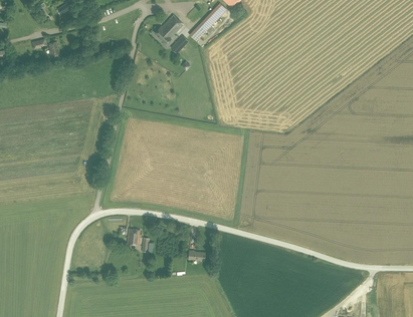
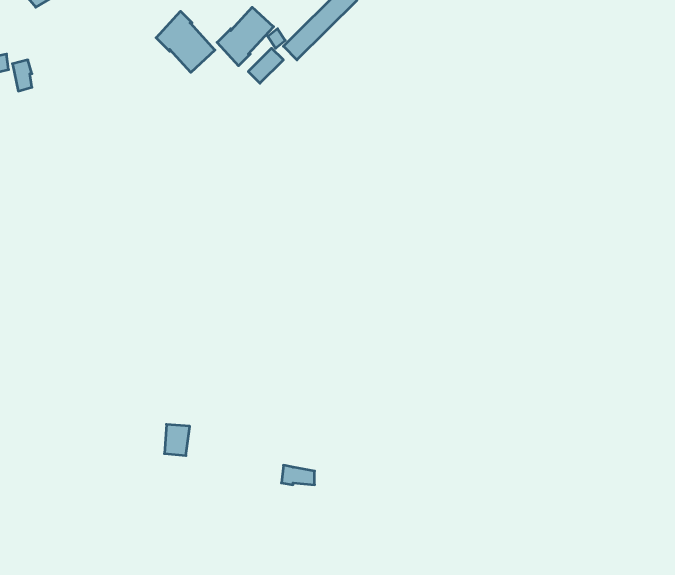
building: none -> [156,11,215,72]

